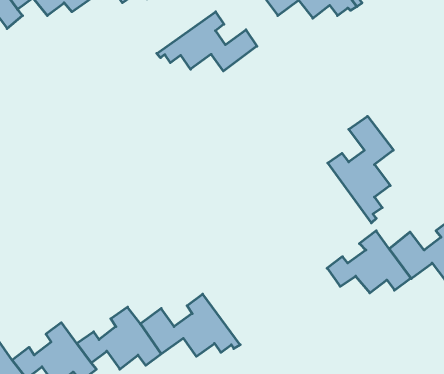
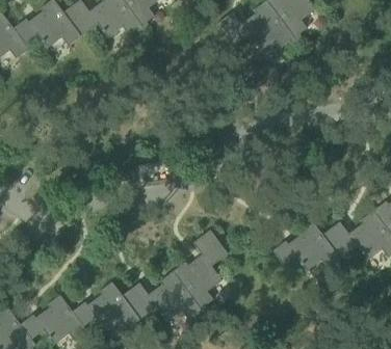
building: [157,12,257,71] -> none
building: [328,116,393,223] -> none
building: none -> [173,230,228,312]

